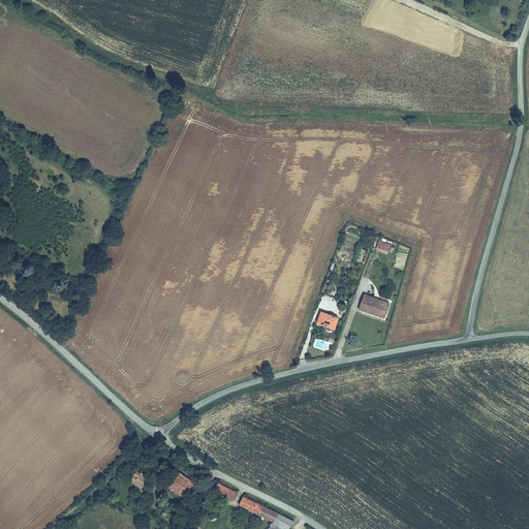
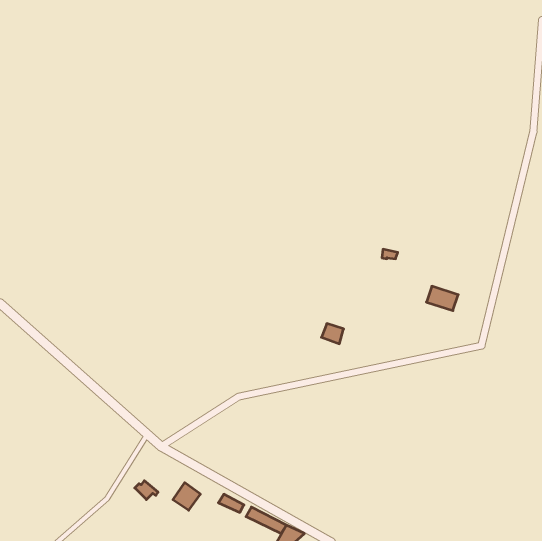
building: [356,297,387,320] -> [426,286,458,311]

